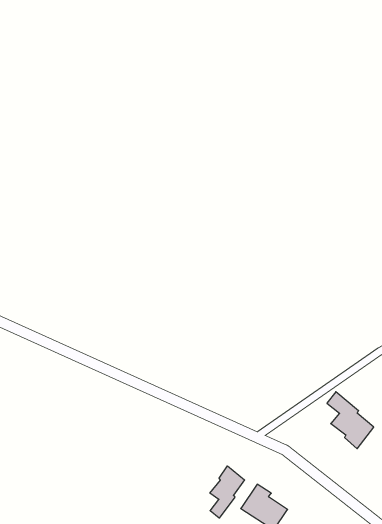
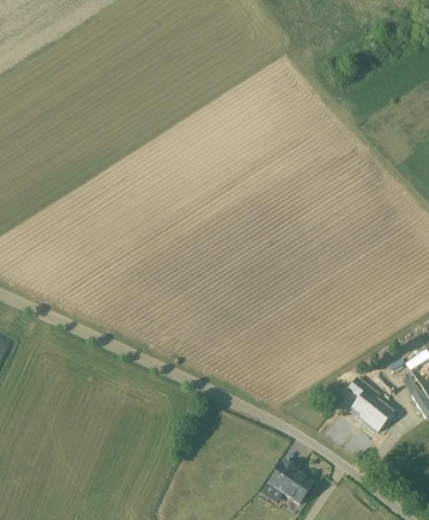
building: [210,466,245,518] -> none

